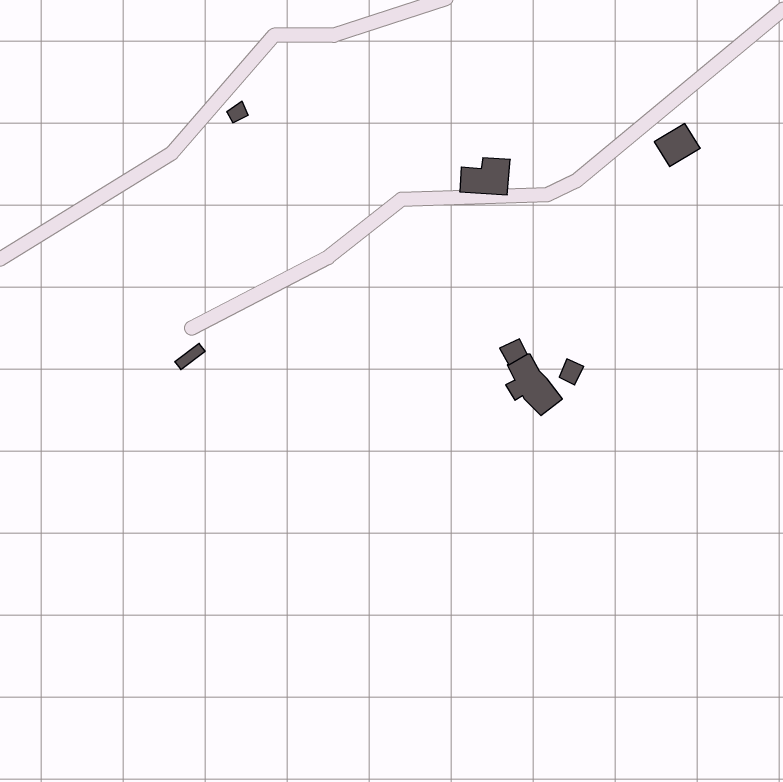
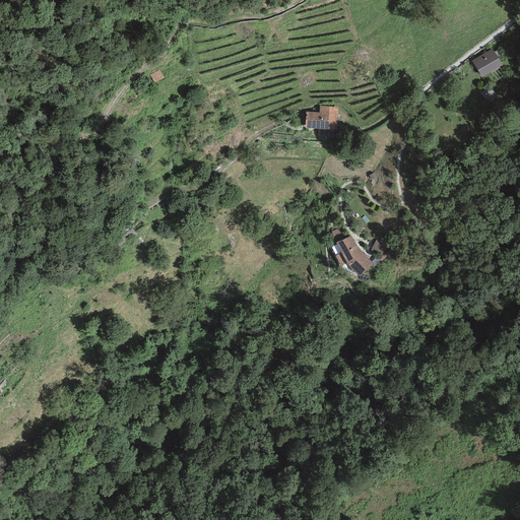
building: [654,124,700,167] -> [471,48,502,76]

